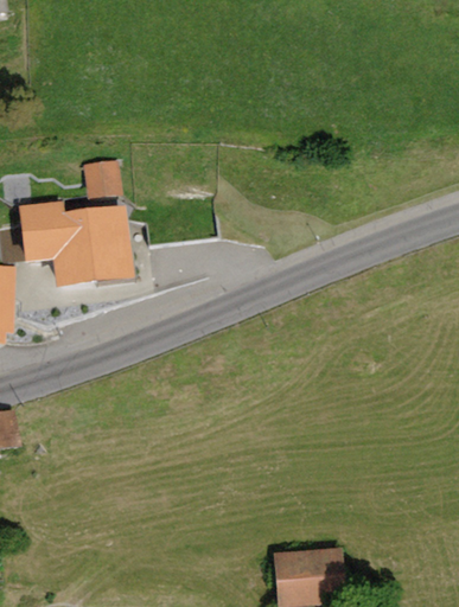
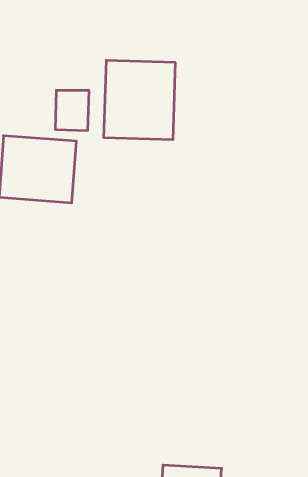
building: none -> [104,60,175,140]

